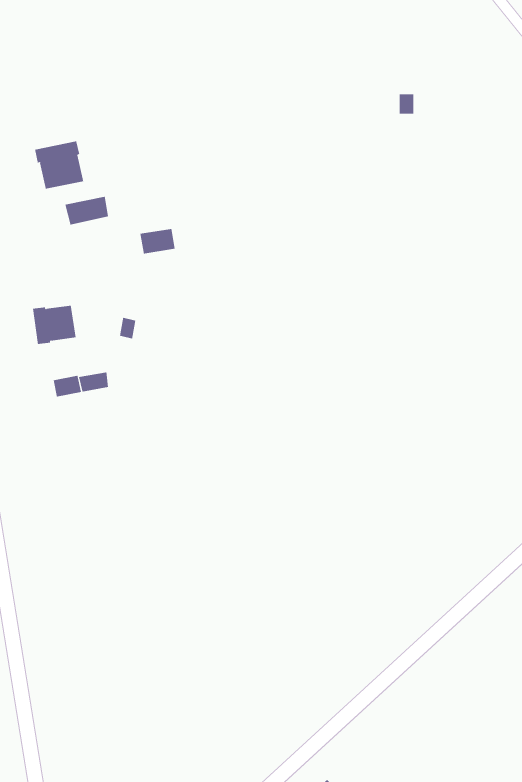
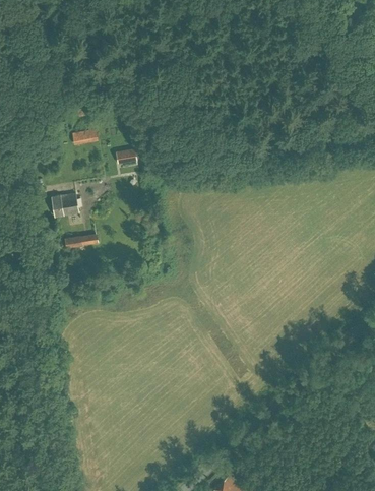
building: [34,140,84,189] -> none

